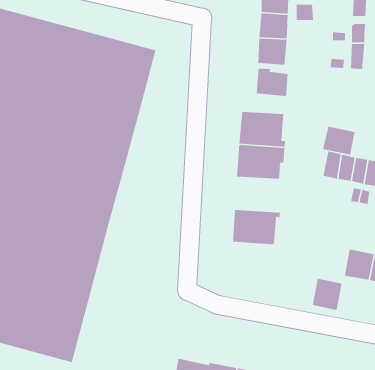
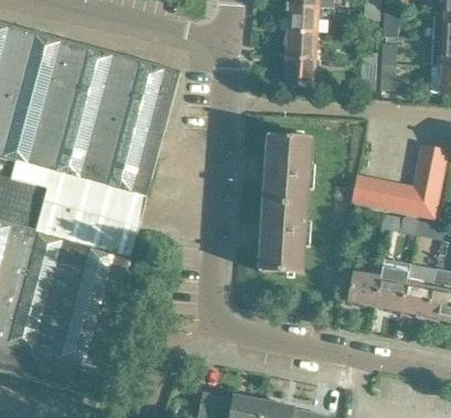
building: [256,68,288,97] -> none
building: [322,126,355,155] -> none
building: none -> [260,203,310,239]
building: [312,278,343,311] -> [347,271,379,306]

